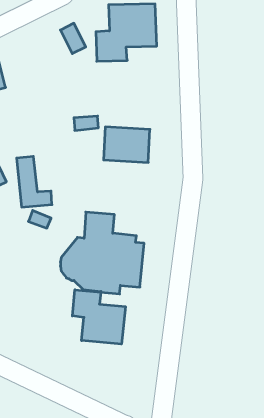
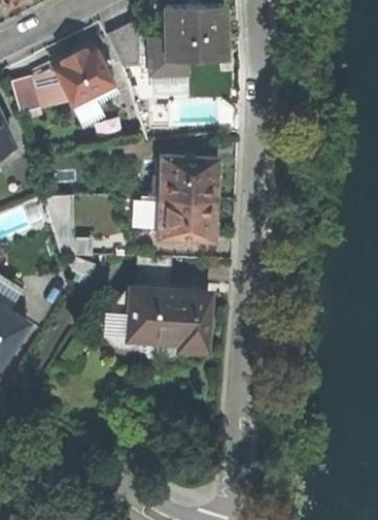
building: none -> [51,43,115,107]
building: none -> [128,194,215,239]
building: [72,290,125,344] -> none

